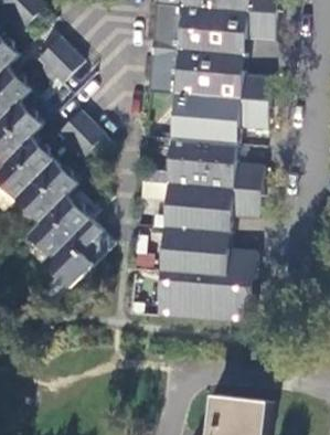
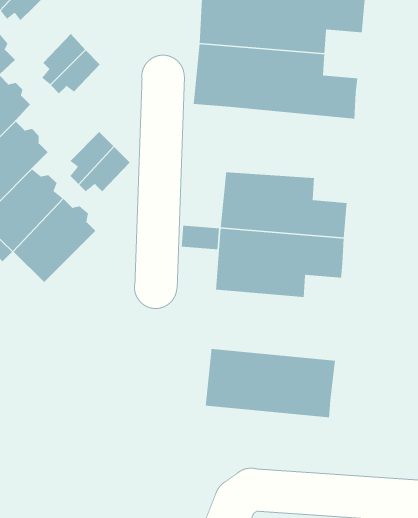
building: [173,91,269,142] -> none
building: [26,193,114,286] -> none
building: [162,226,257,278] -> none

